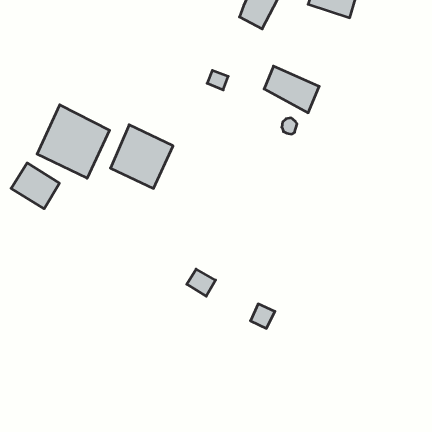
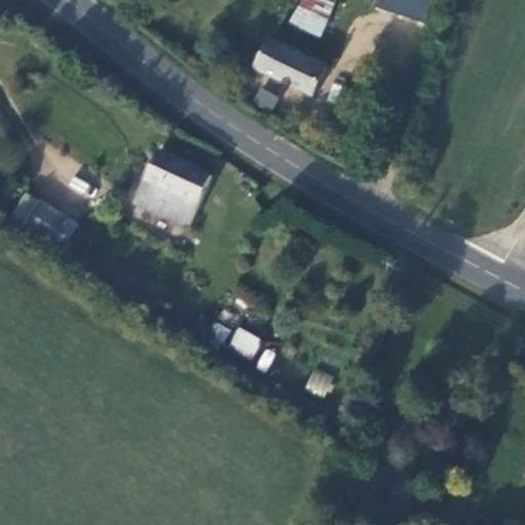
building: [264,66,319,113] -> [256,39,323,95]
building: [37,105,110,178] -> none

